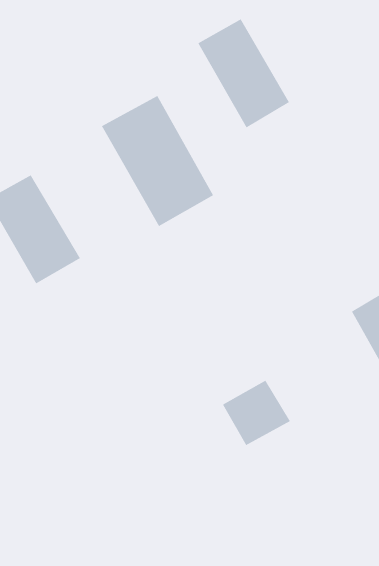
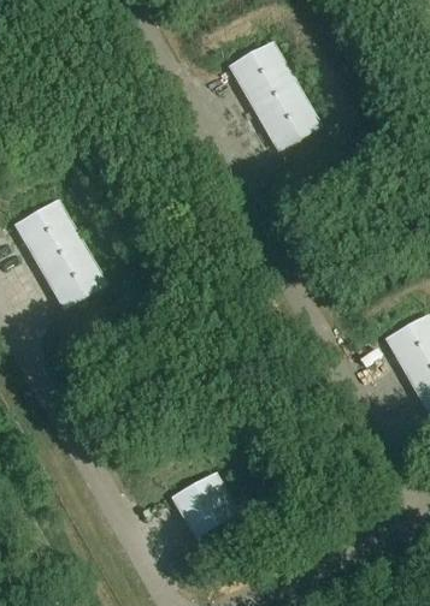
building: [101,95,214,227] -> none
building: [222,380,291,446] -> [170,470,240,537]

